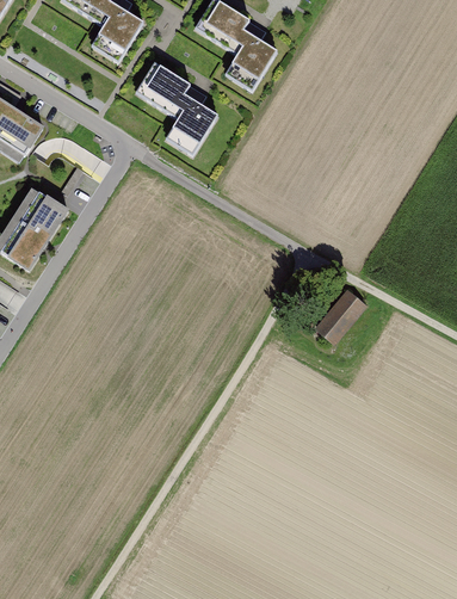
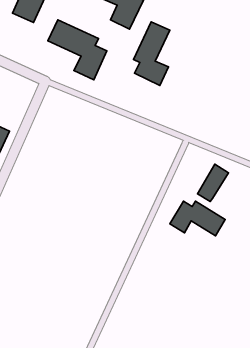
building: none -> [133,22,170,85]
building: none -> [170,201,225,236]

